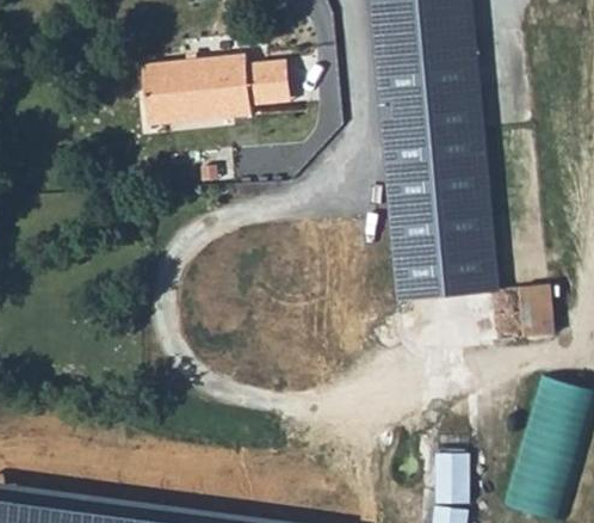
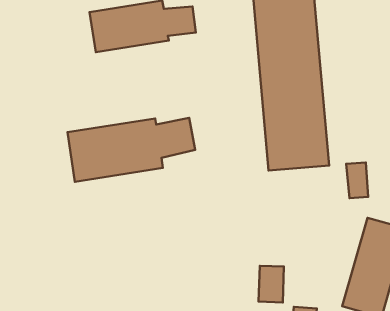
building: none -> [67,118,195,182]
building: [435,444,472,498] -> [258,266,284,302]

